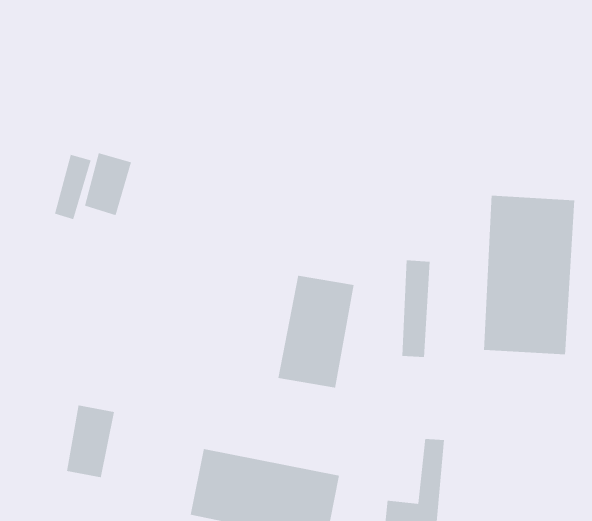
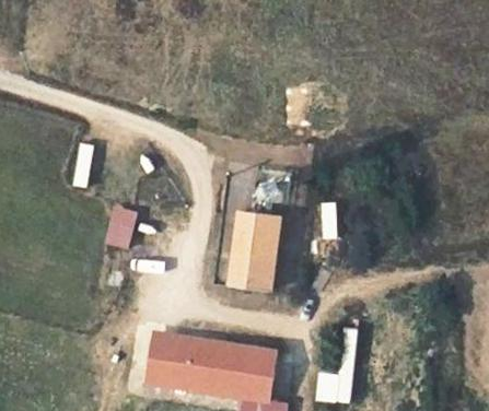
building: [84,152,132,216] -> [104,203,136,247]
building: [483,195,575,355] -> none
building: [66,405,115,478] -> [152,338,184,388]

